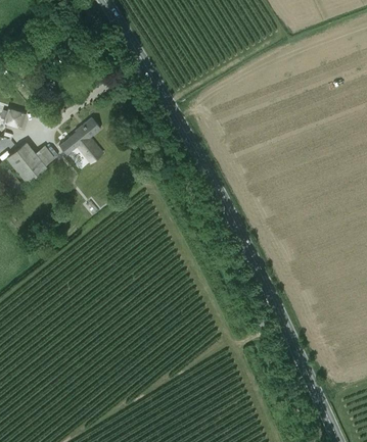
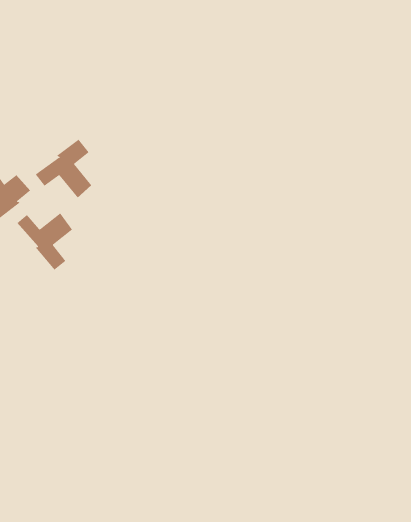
building: none -> [16,213,73,271]

